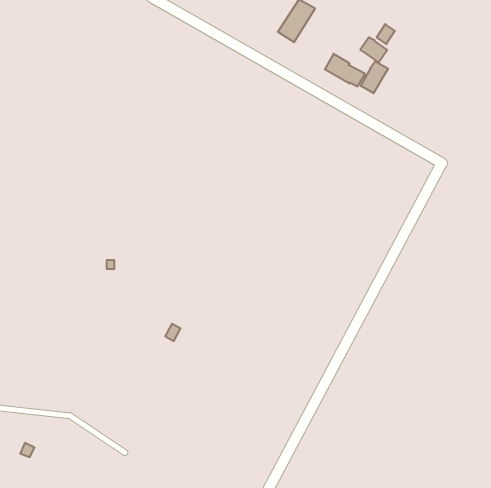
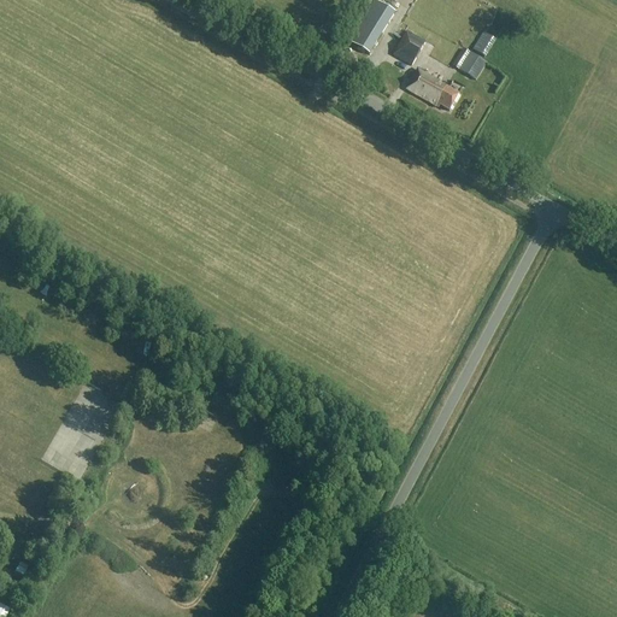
building: none -> [393,29,428,63]
building: [361,61,388,93] -> none

